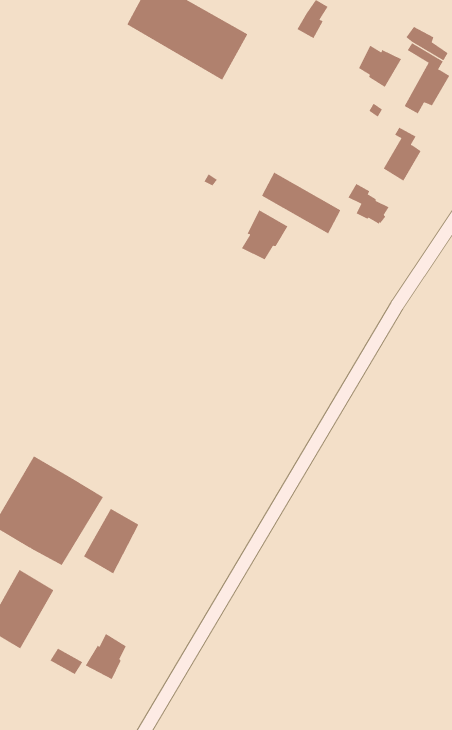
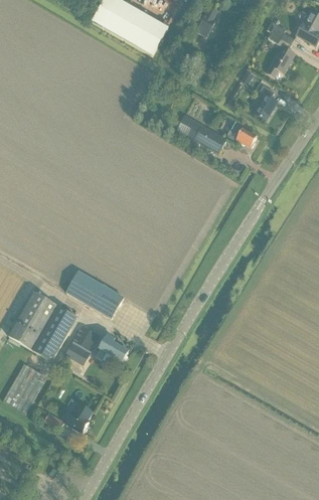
building: [358,45,402,88] -> none
building: [241,210,288,260] -> none
building: none -> [64,269,123,316]
building: none -> [95,333,127,359]

